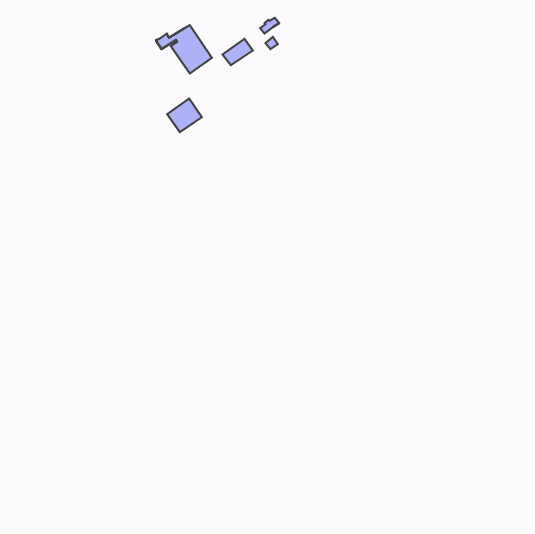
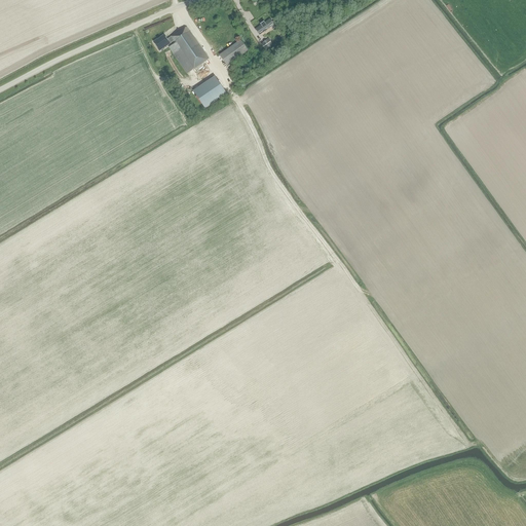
building: [167,98,202,132] -> [192,74,226,107]

